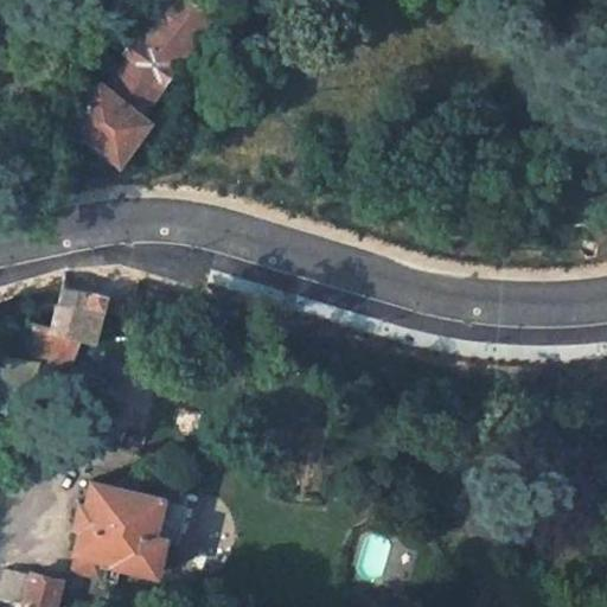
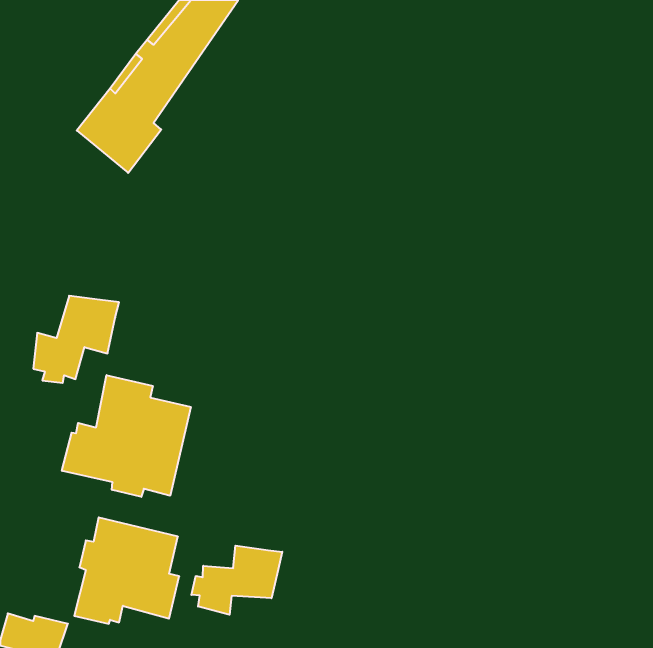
building: none -> [62,375,191,497]
building: none -> [191,546,282,615]

